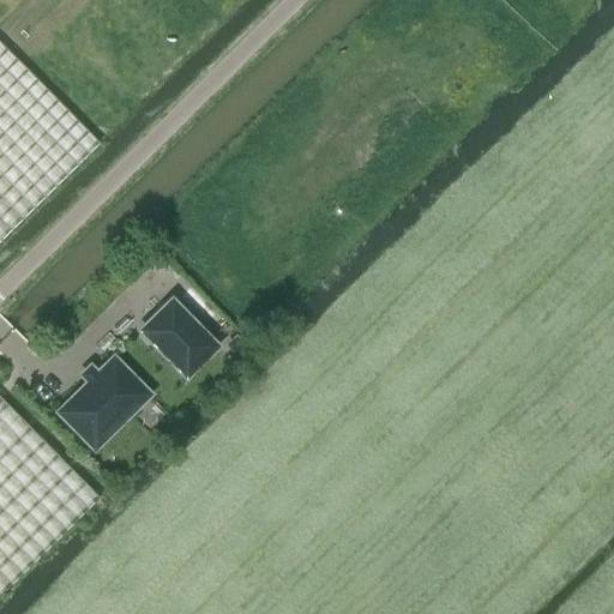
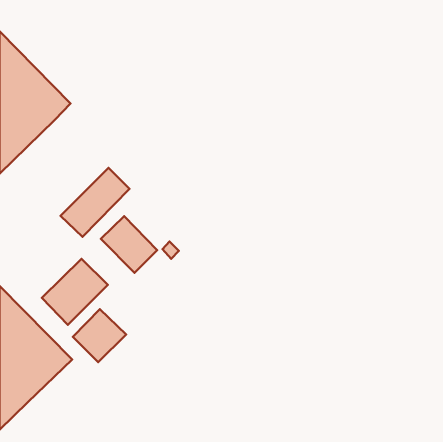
building: none -> [60,168,129,237]
building: none -> [73,309,126,362]

